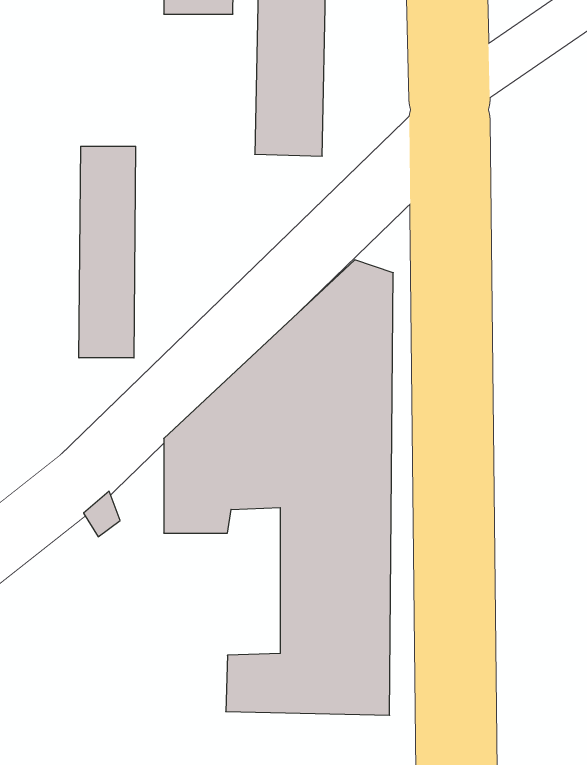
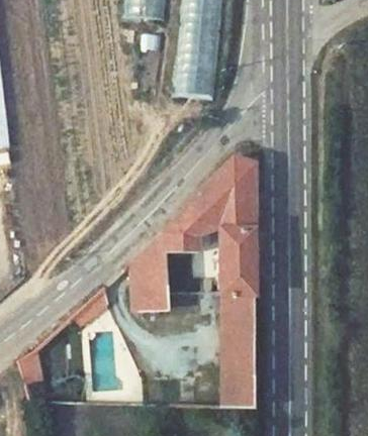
building: [79,146,136,358] -> none

